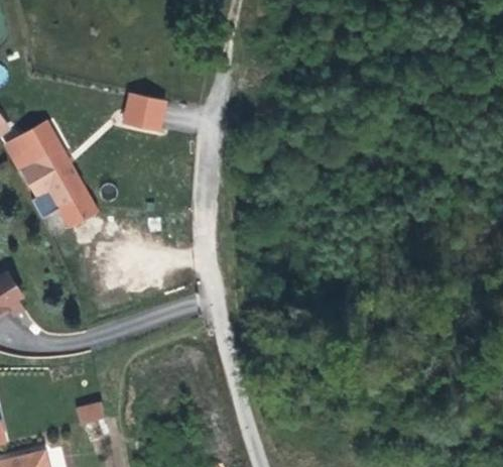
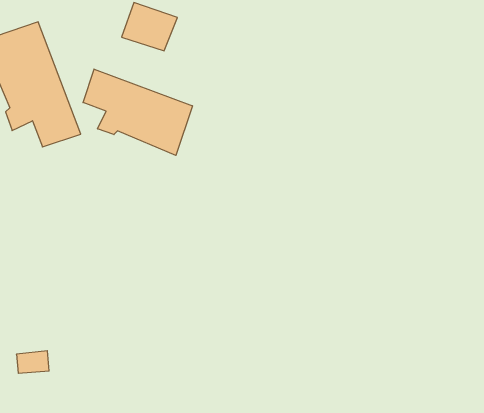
building: none -> [83,69,192,155]

